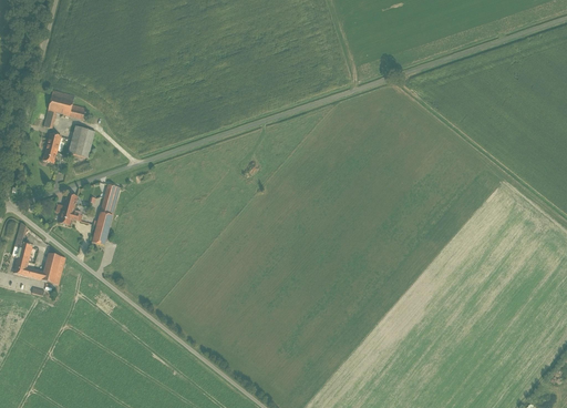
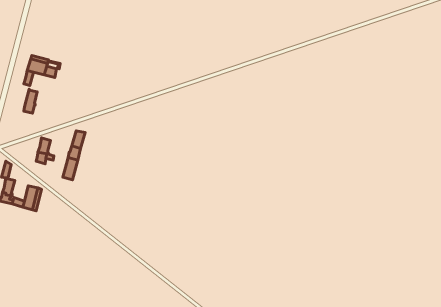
building: [68,125,94,157] -> none

